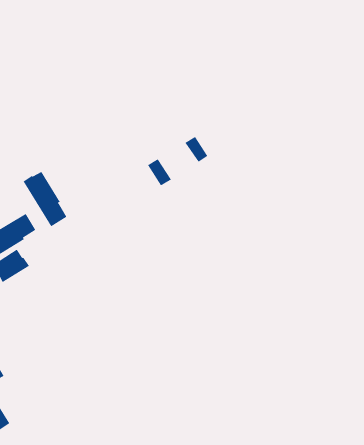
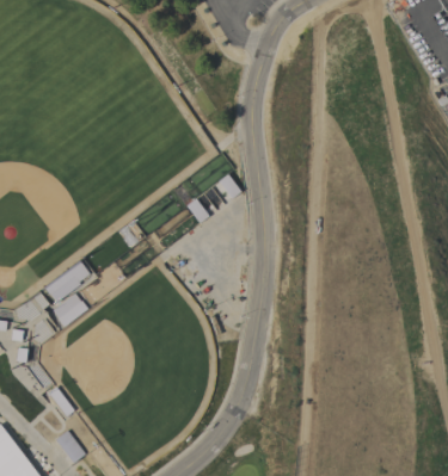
building: [23,171,67,227] -> none

